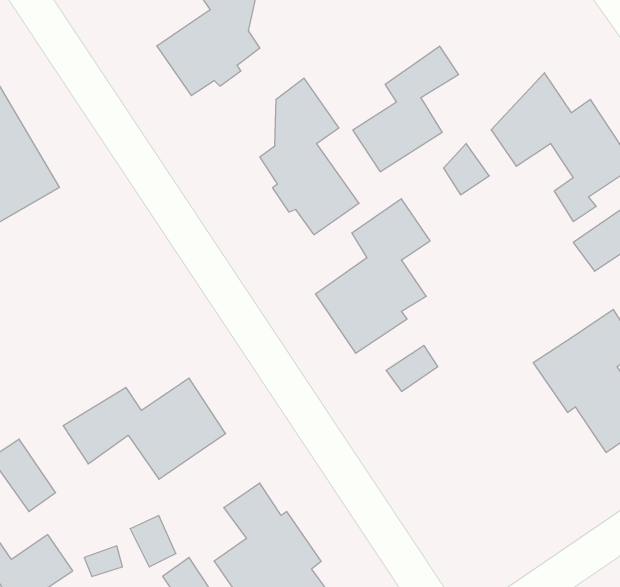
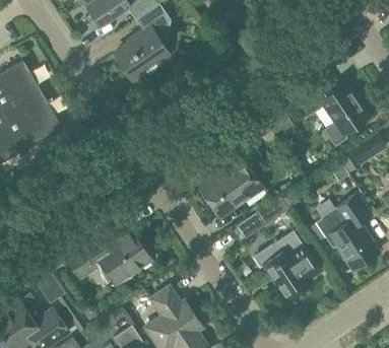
building: [353,46,459,172] -> none
building: [260,78,359,235] -> none
building: none -> [254,231,321,300]

